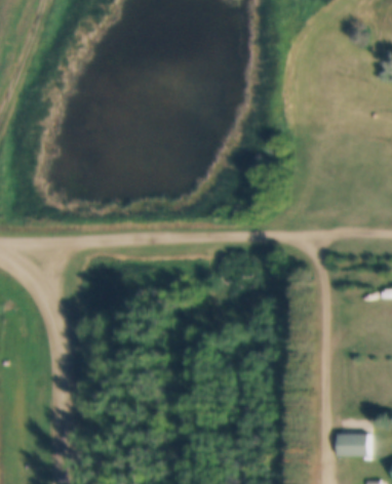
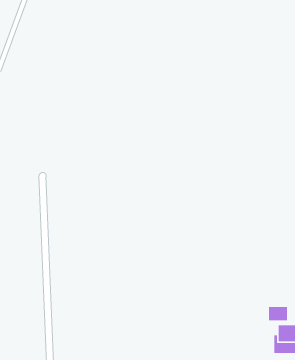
building: none -> [268,306,288,321]

